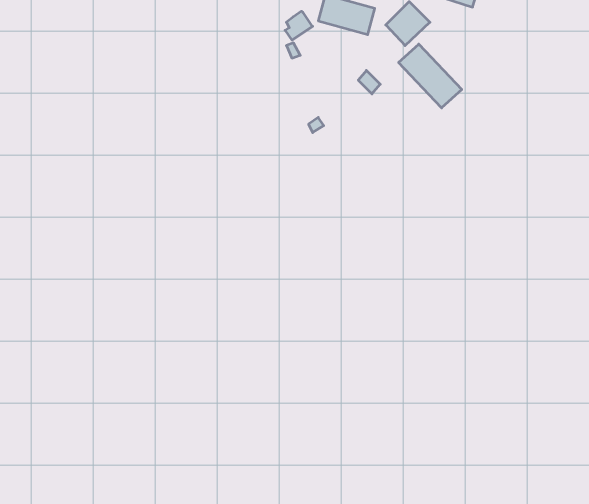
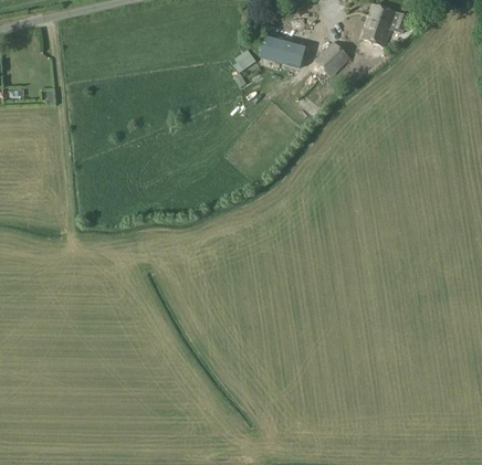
building: [399,44,462,108] -> none

